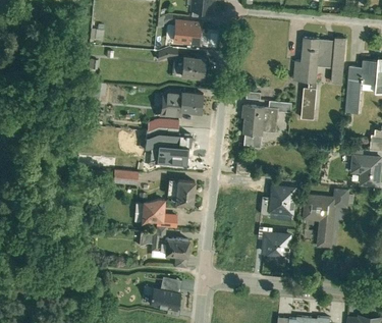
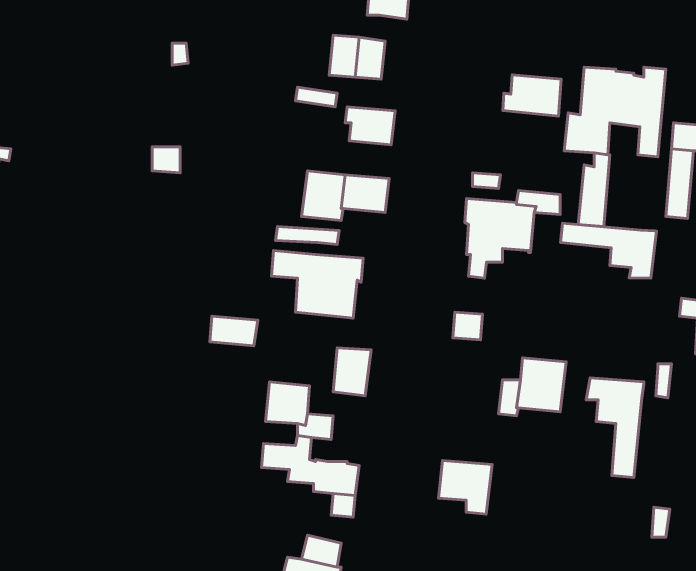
building: none -> [503,75,561,116]
building: none -> [561,223,657,278]
building: [262,234,289,262] -> [438,460,492,514]

